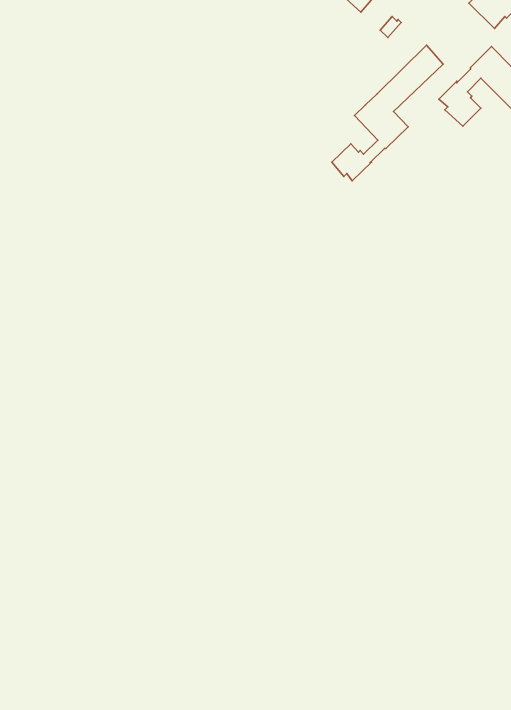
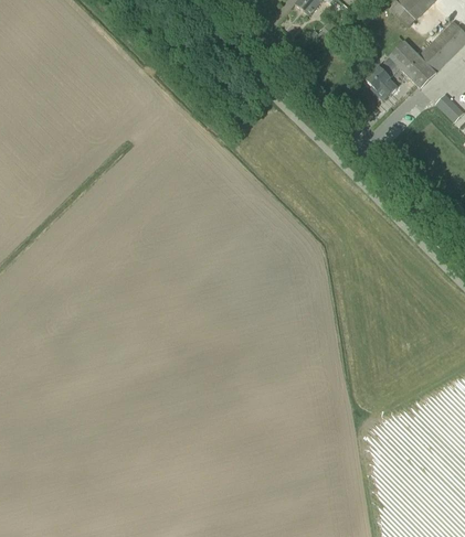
building: [332,45,443,181] -> none

